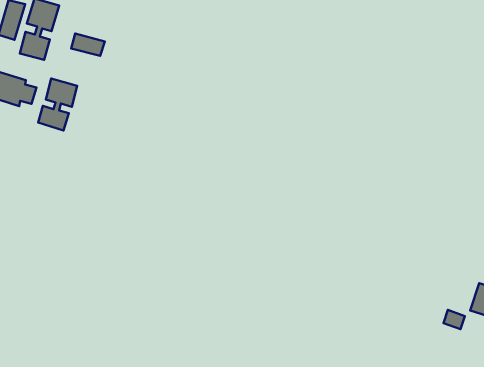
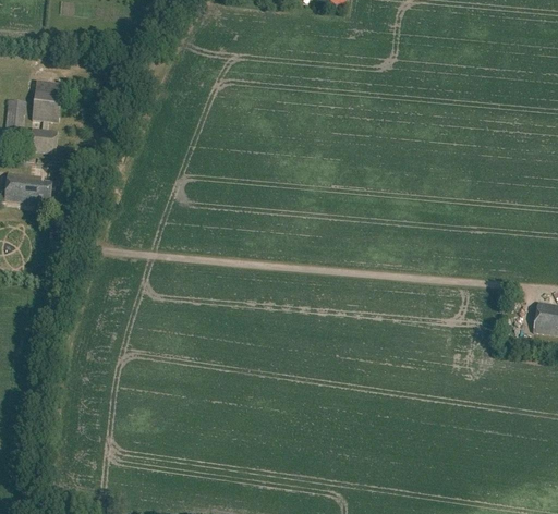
building: [71,34,105,56] -> none
building: [38,79,77,131] -> none

